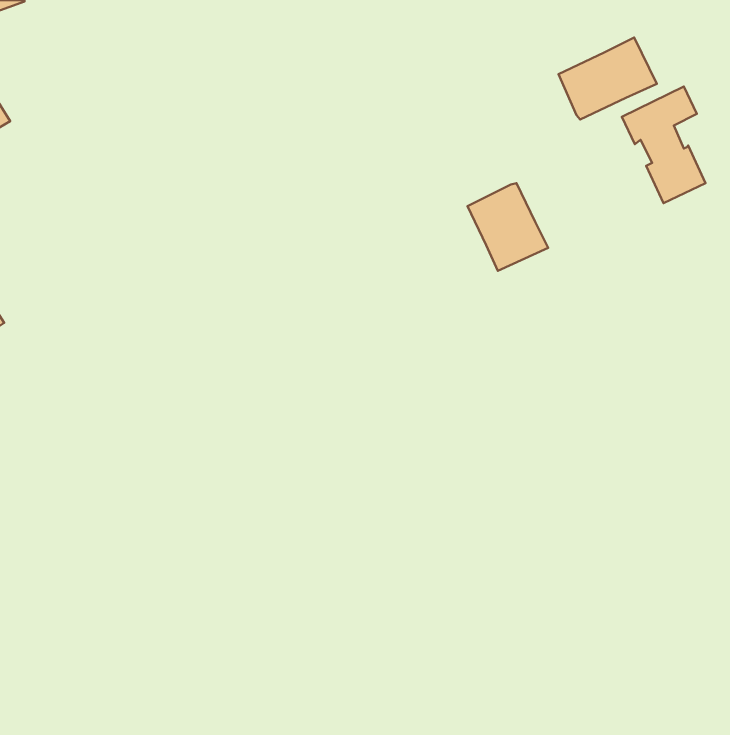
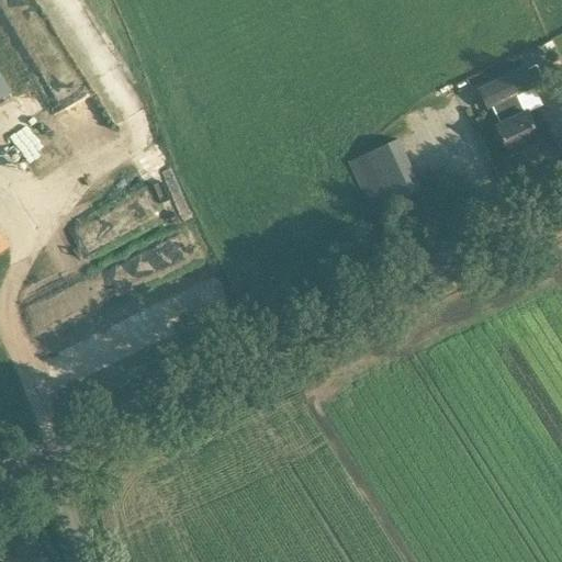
building: [558,38,657,119] -> none

